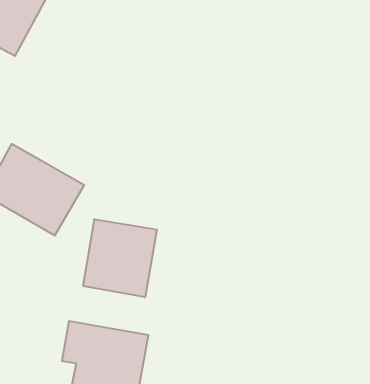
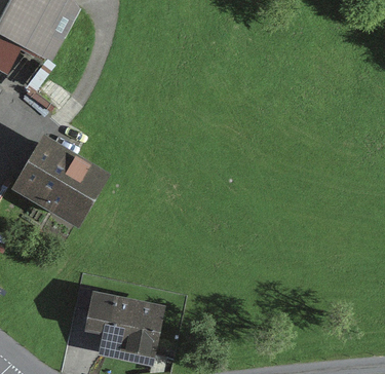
building: [83,219,157,297] -> none

